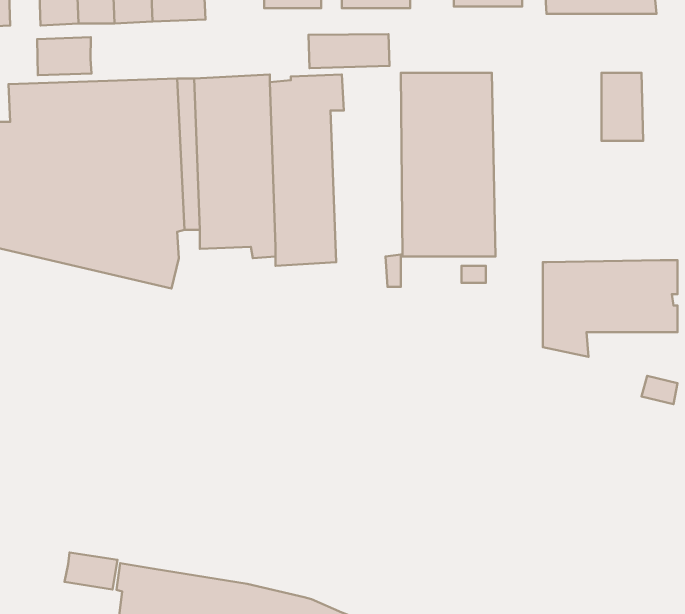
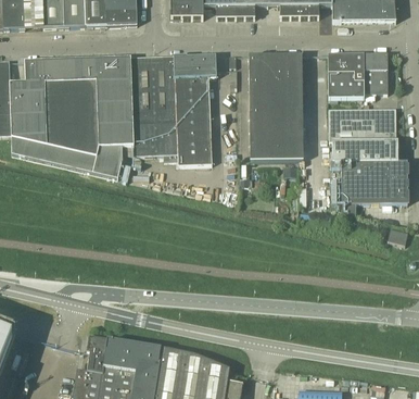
building: [308,34,389,68] -> none
building: [37,37,92,75] -> none
building: none -> [328,52,364,98]
building: none -> [328,105,397,161]
building: [64,552,117,589] -> none

